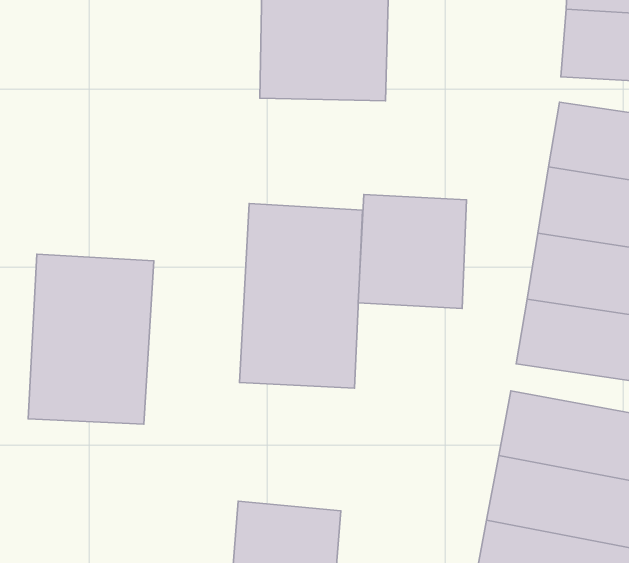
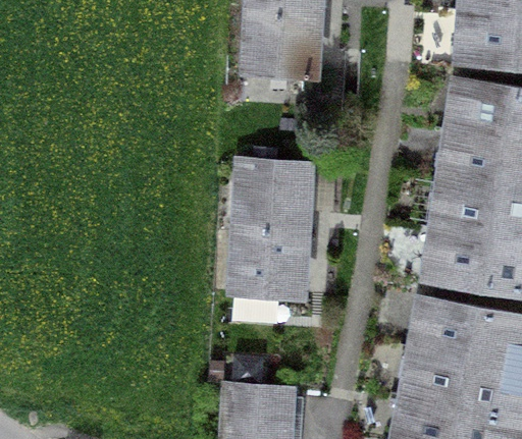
building: [358,194,466,308] -> none
building: [28,254,154,424] -> none

